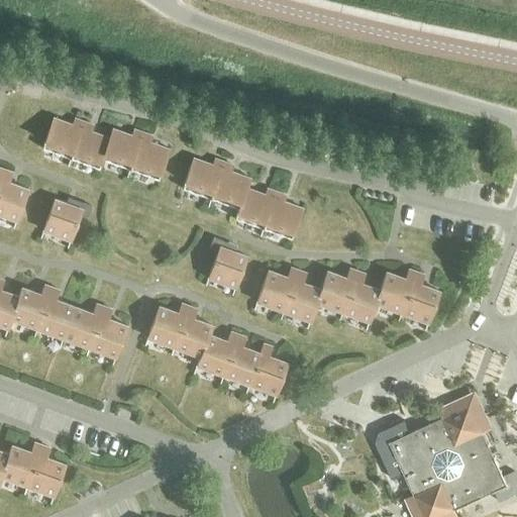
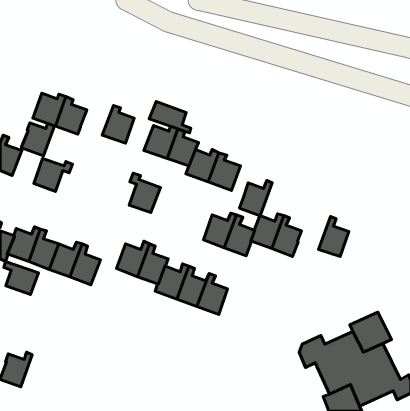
building: none -> [149,102,191,133]
building: [102,128,143,170] -> [22,123,55,156]
building: [208,237,247,287] -> [129,173,160,212]
building: [375,269,416,313] -> [239,180,272,216]
building: none -> [4,261,39,295]
building: [27,445,65,496] -> none

